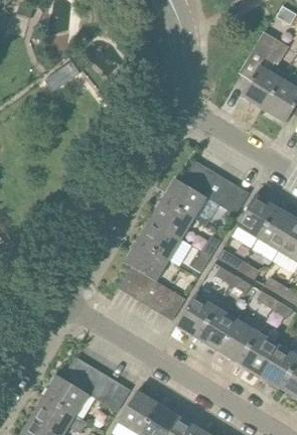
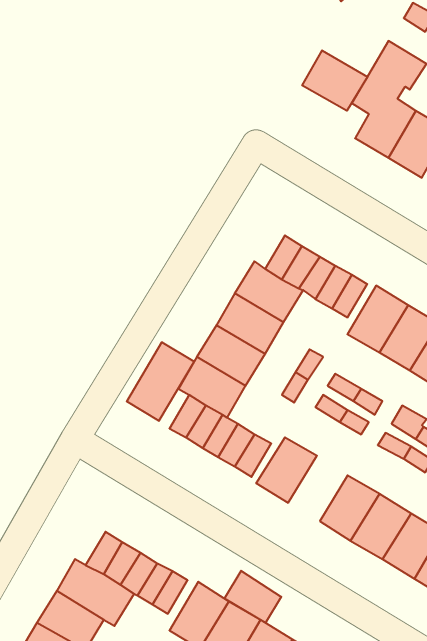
building: none -> [302,50,367,111]
building: none -> [127,342,194,421]
building: [197,307,237,350] -> none
building: none -> [225,571,281,623]

